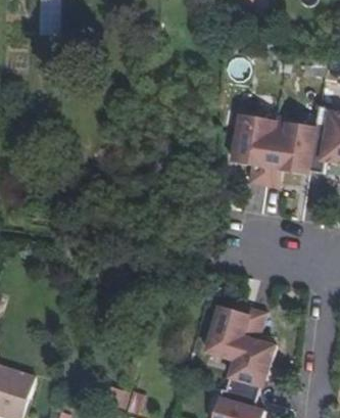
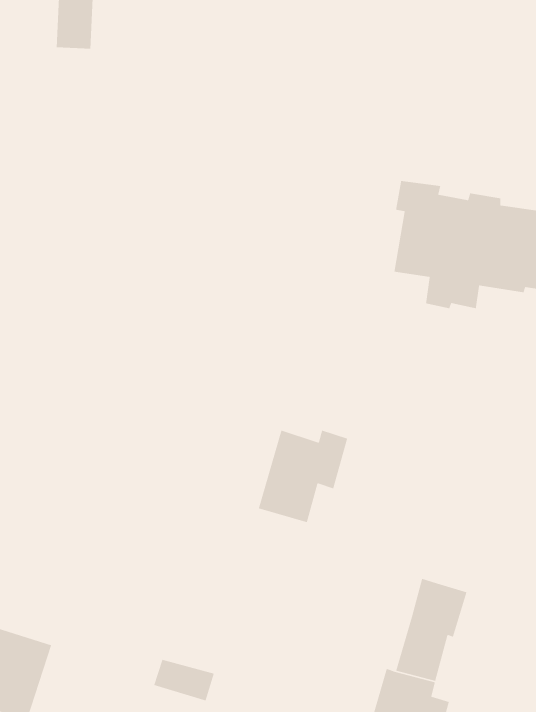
building: [213,308,265,362] -> [258,429,348,523]

